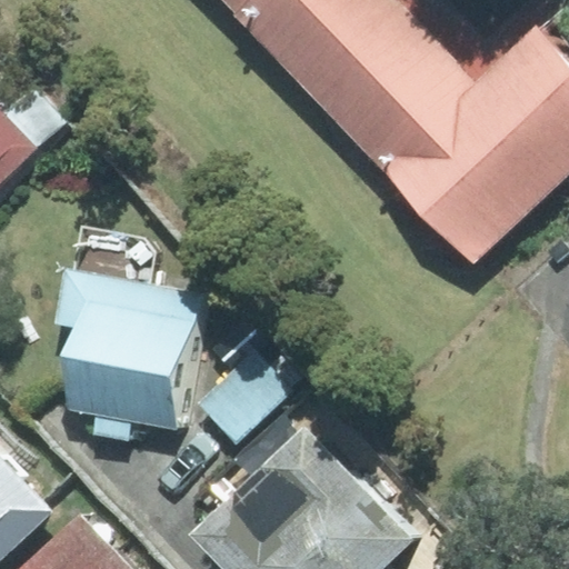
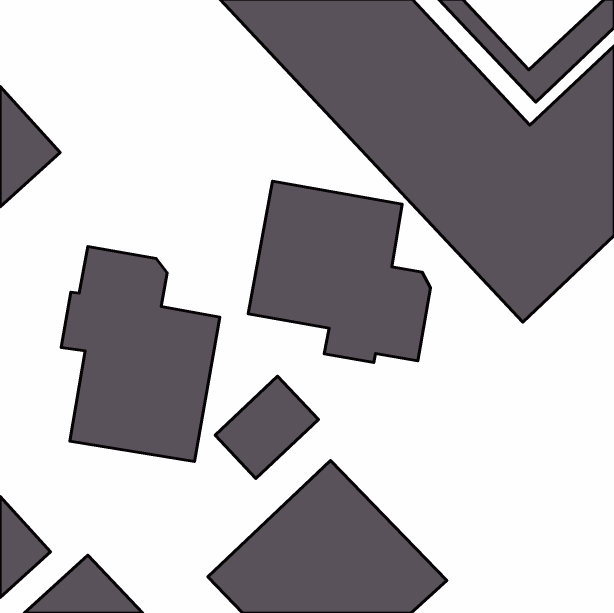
building: none -> [248,181,431,362]

